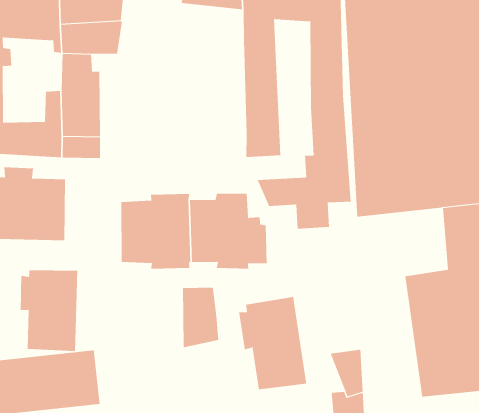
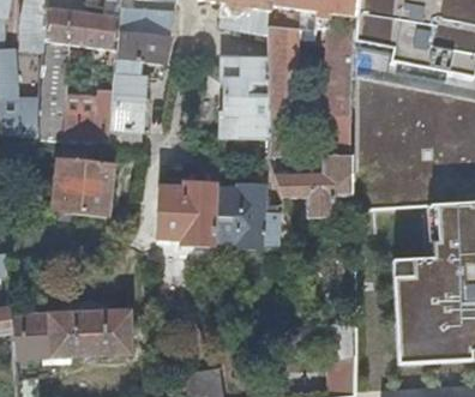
building: none -> [221,55,269,134]
building: [20,269,78,352] -> none
building: [182,287,219,348] -> none
building: [238,296,307,390] -> none

